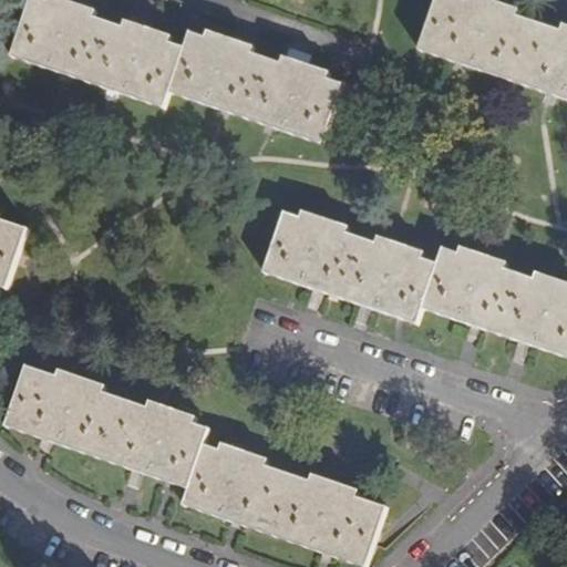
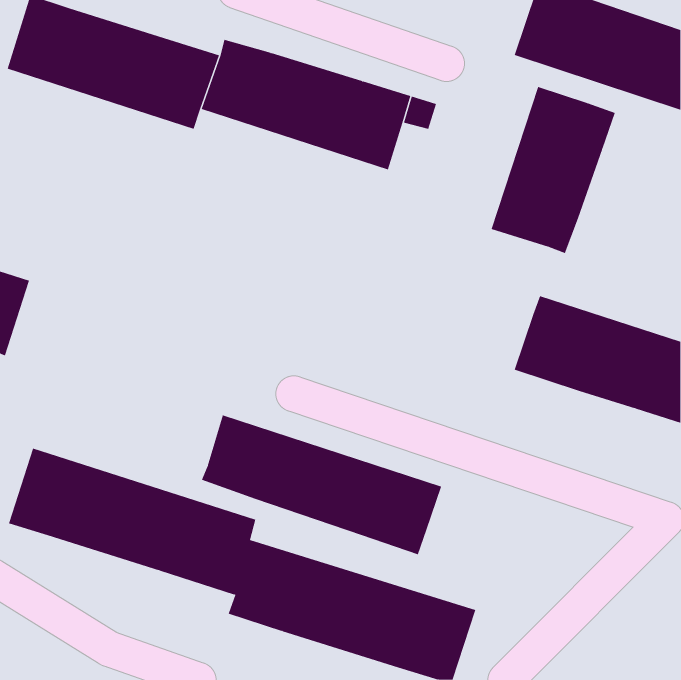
building: none -> [491,86,616,254]
building: [262,208,437,320] -> none
building: none -> [201,414,442,555]

